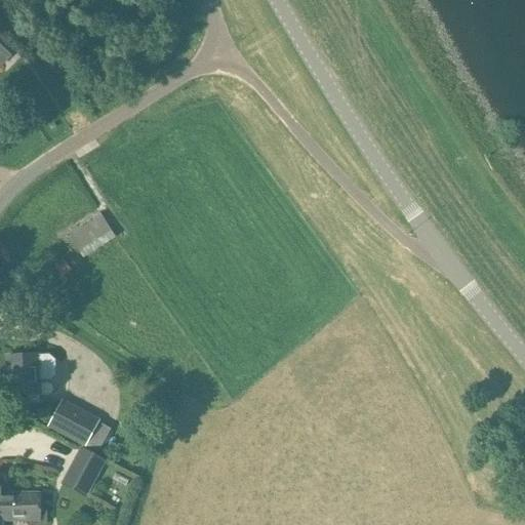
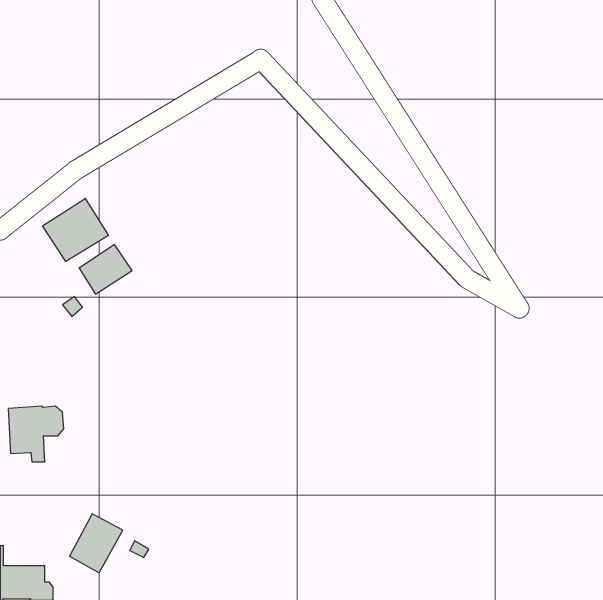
building: none -> [43,198,108,262]
building: [47,399,113,454] -> none

